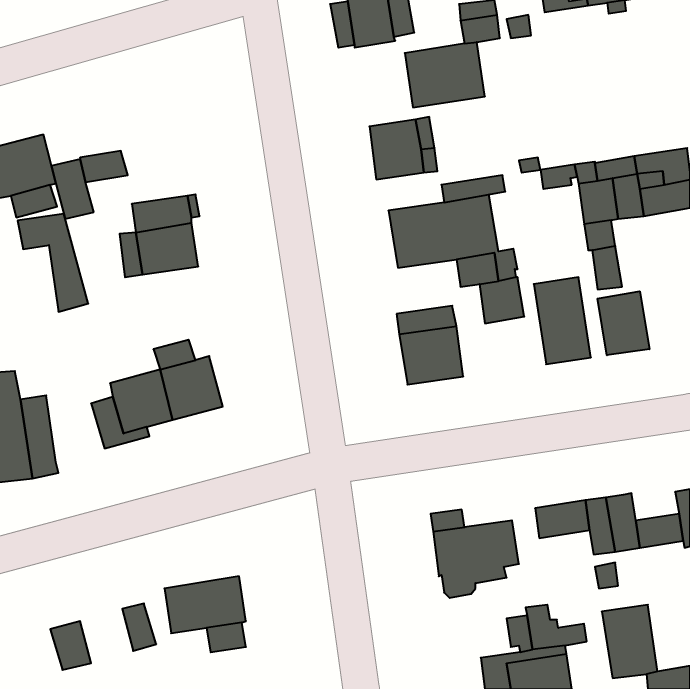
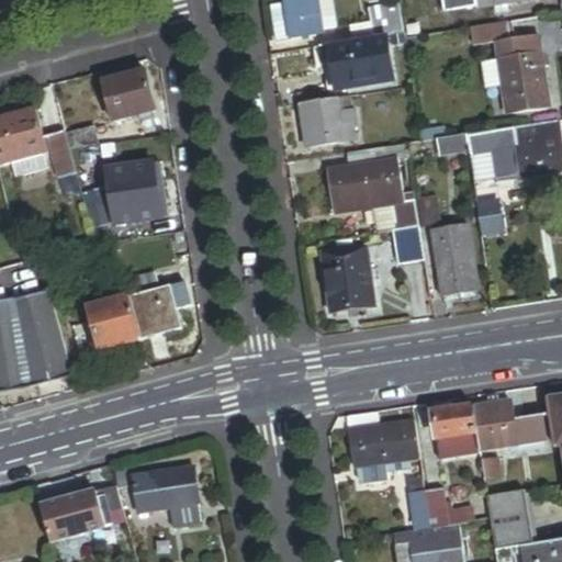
building: none -> [472,19,549,114]
building: none -> [104,69,157,119]
building: [18,214,88,312] -> [12,294,69,373]
building: [598,291,649,355] -> none
building: none -> [436,428,480,457]
building: none -> [65,492,108,536]

